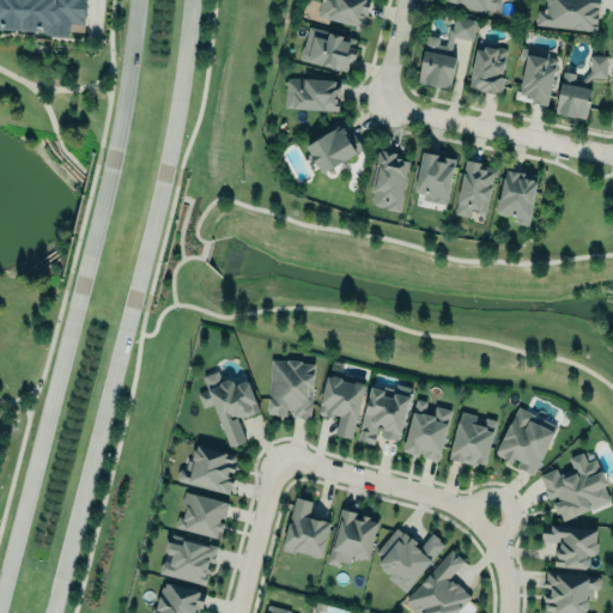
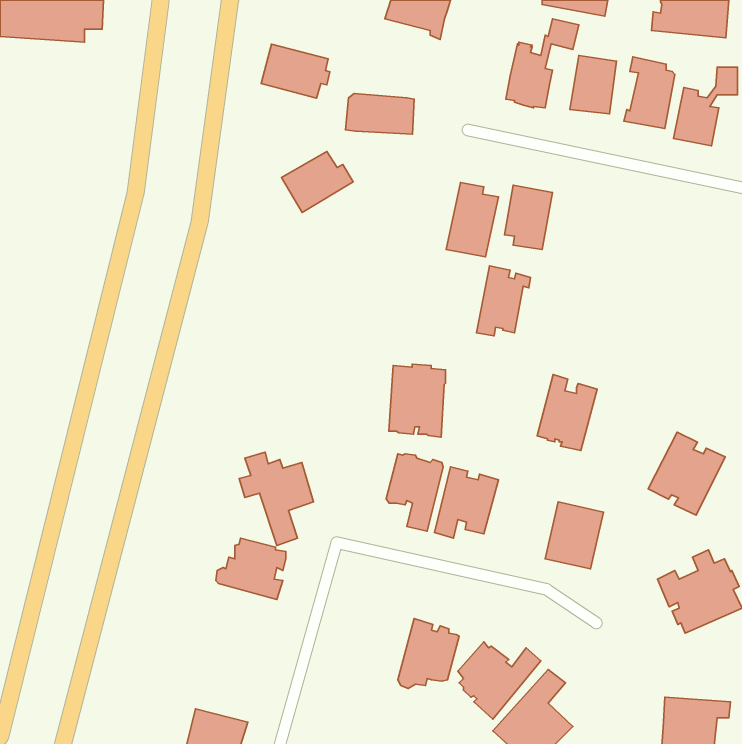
building: [302,28,358,72] -> [261,44,330,98]
building: [306,126,365,176] -> [282,151,353,213]
building: [455,160,499,218] -> [477,266,530,336]
building: [499,171,539,226] -> none
building: [269,359,316,419] -> [389,364,446,437]
building: [405,397,454,460] -> [537,375,597,450]
building: [497,406,560,474] -> [648,432,725,515]
building: [176,493,230,540] -> none
building: [284,498,332,559] -> none
building: [544,524,600,568] -> none
building: [160,535,220,584] -> none

